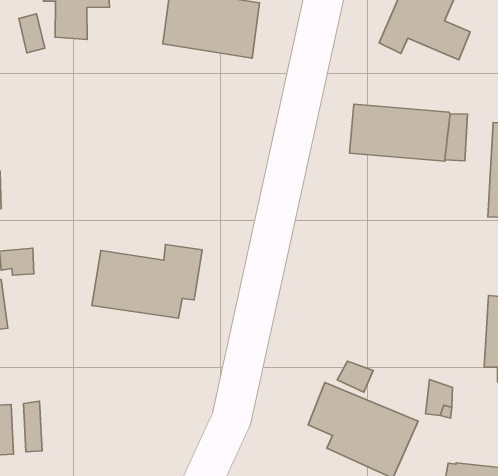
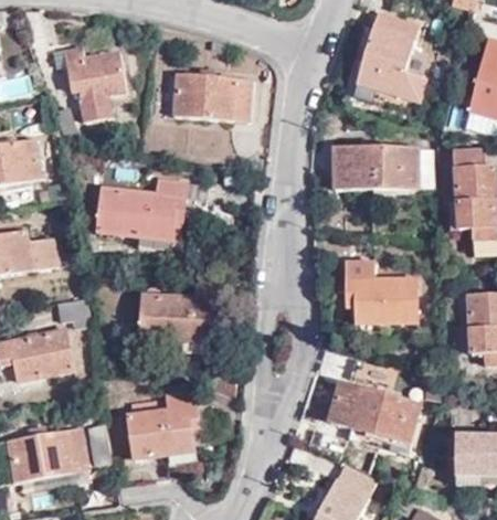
building: none -> [97,181,186,240]
building: none -> [341,256,416,320]
building: none -> [127,392,201,467]

